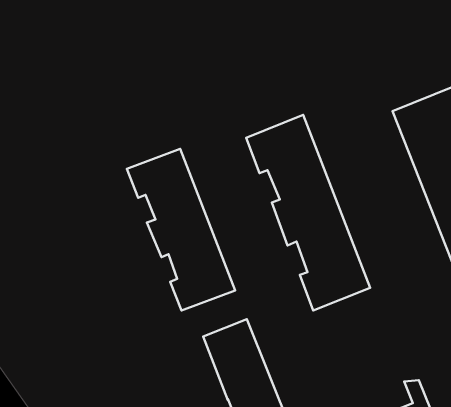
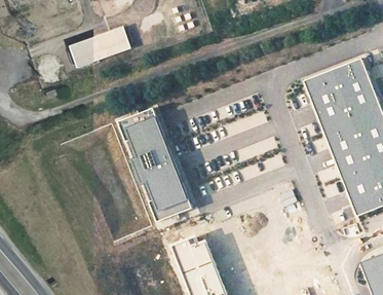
building: none -> [72,29,135,70]
building: [246,115,370,310] -> none

